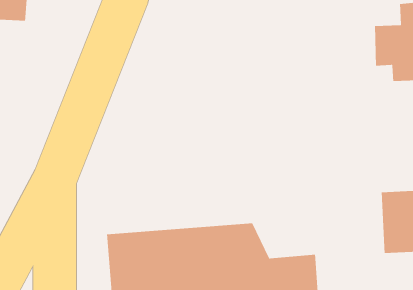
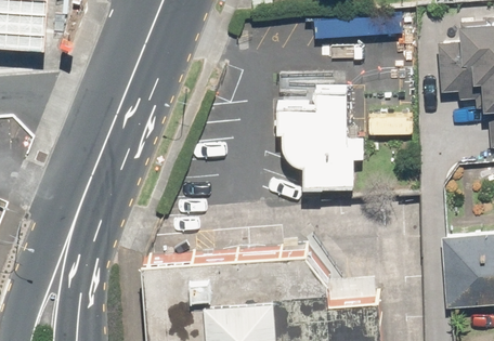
building: none -> [275,71,368,179]

